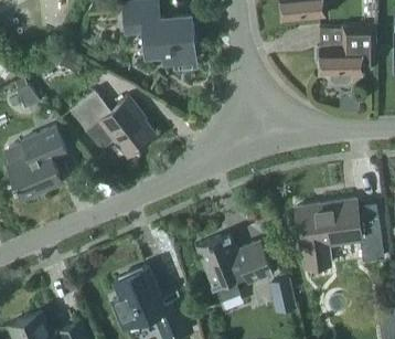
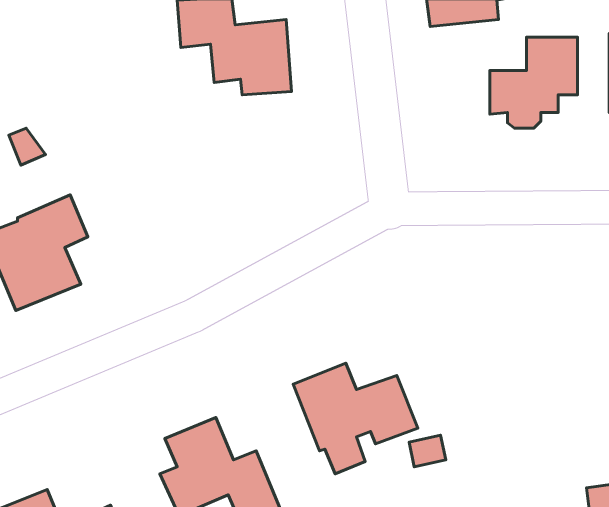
building: [70,91,154,155] -> none
building: [295,200,383,268] -> none

